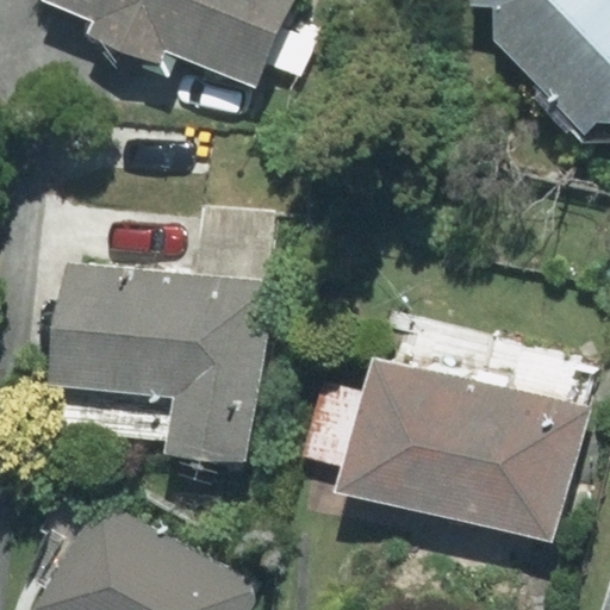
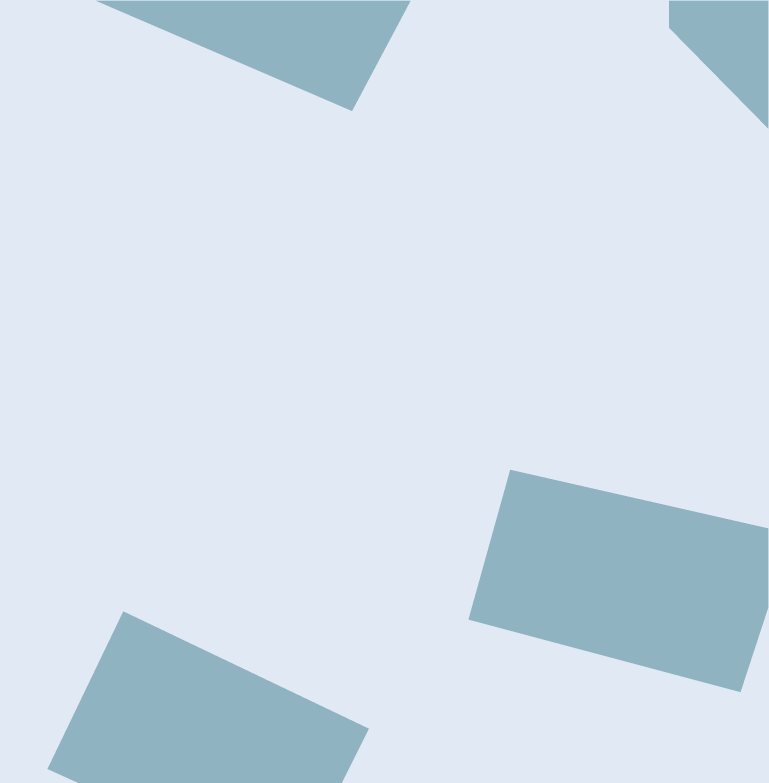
building: [76,272,276,456] -> none

